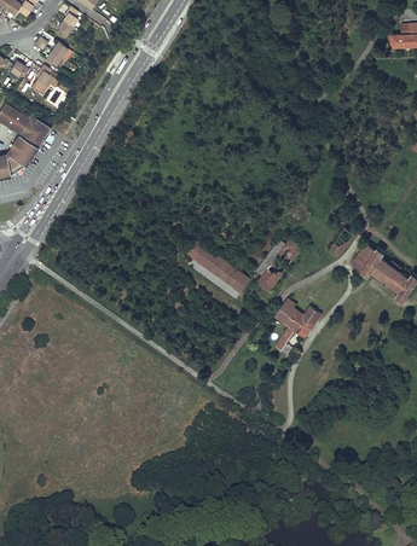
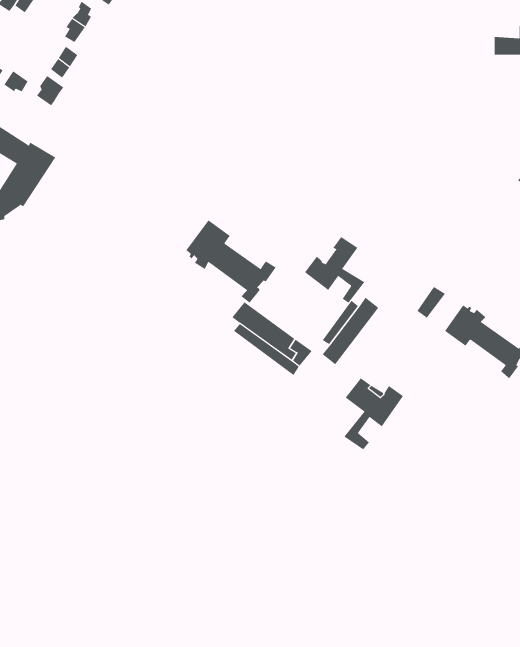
building: none -> [186,220,276,303]
building: none -> [304,236,365,304]

